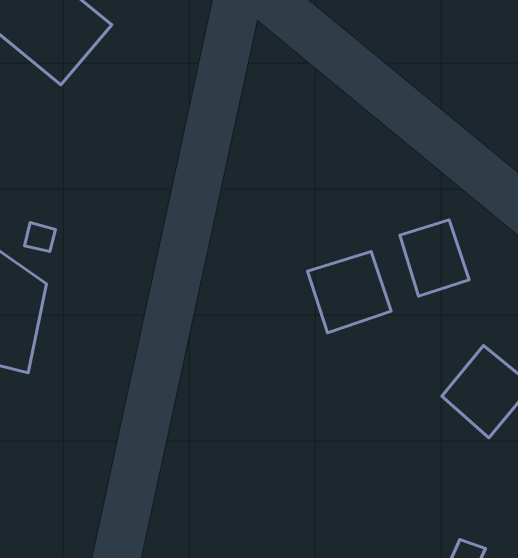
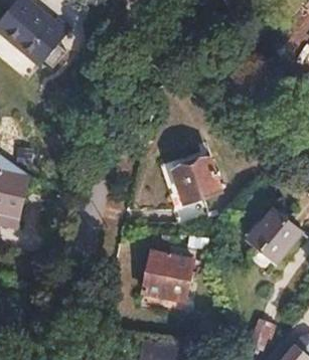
building: [400,220,469,296] -> none
building: none -> [143,251,192,301]

